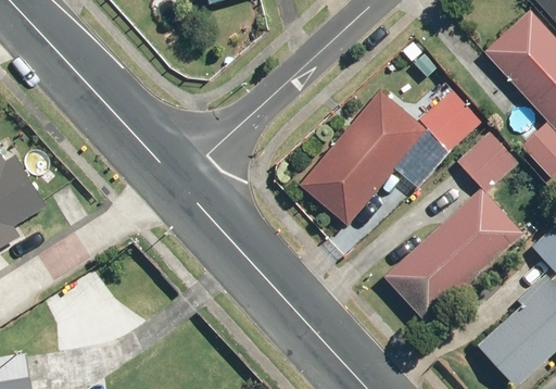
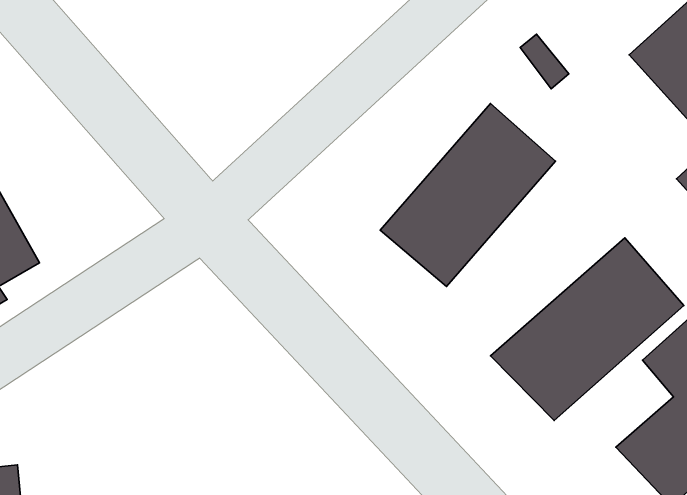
building: [419,88,480,149] -> none
building: [456,128,520,192] -> none

